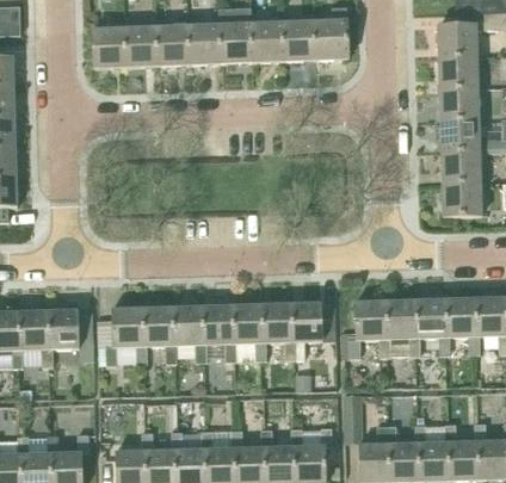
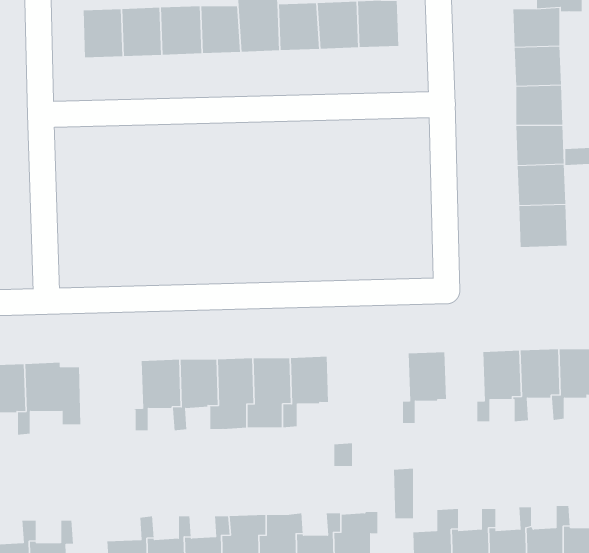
building: [378,299,415,357] -> none
building: [284,302,321,359] -> none
building: [105,306,142,364] -> none

